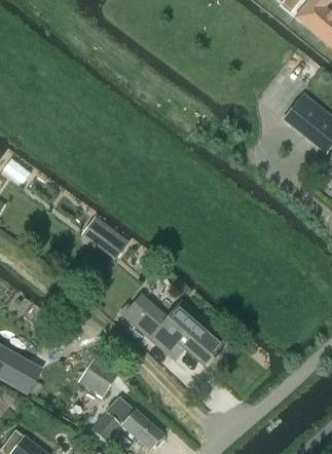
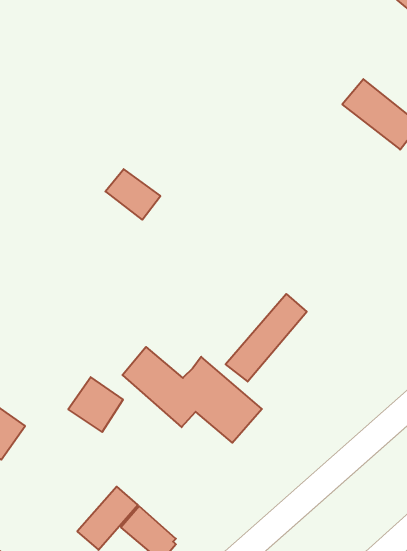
building: [81,216,121,253] -> [105,169,160,220]
building: none -> [226,294,307,382]
building: [78,356,118,396] -> [68,377,123,432]

